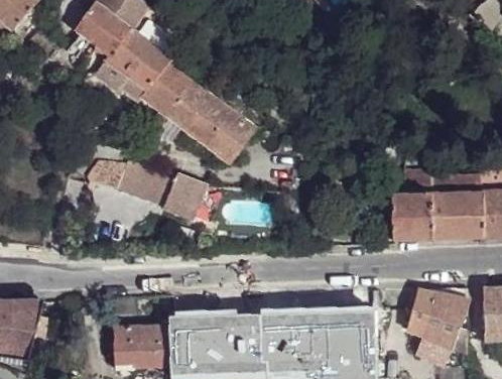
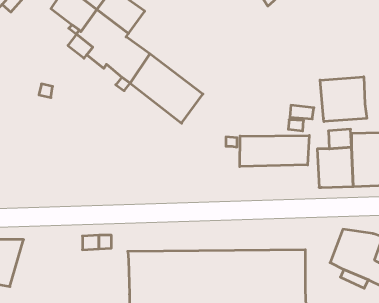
building: none -> [320,77,367,122]
building: [89,159,208,219] -> none
building: none -> [240,135,309,167]
building: [112,325,168,367] -> none

